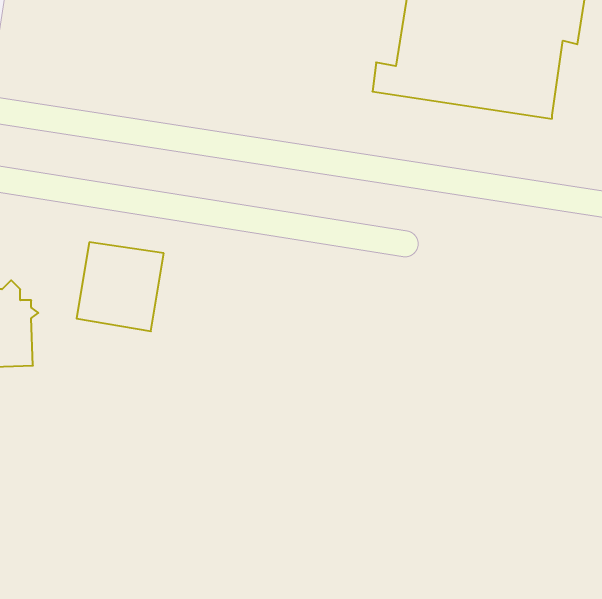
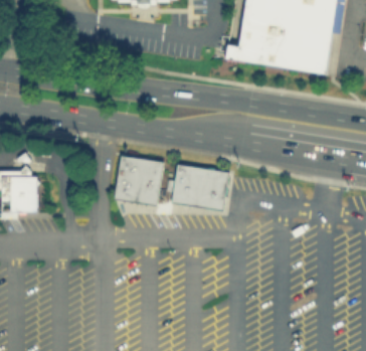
building: [77,242,164,331] -> [114,155,162,204]
building: none -> [171,163,227,209]

